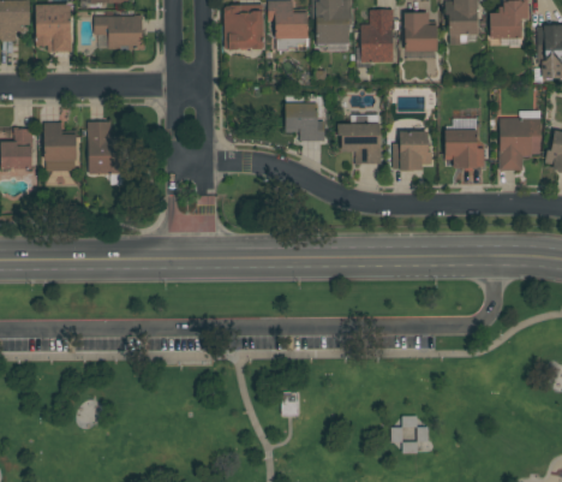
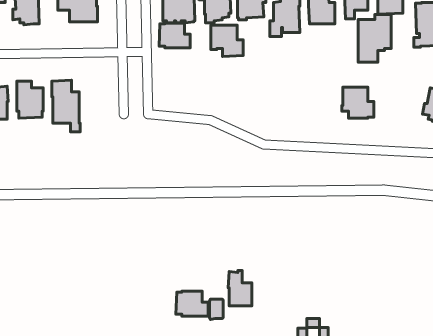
building: none -> [159,23,190,48]
building: [286,102,325,141] -> [211,25,243,56]
building: [500,111,540,169] -> [358,15,391,62]
building: [339,123,382,165] -> none
building: [393,131,432,169] -> none
building: none -> [228,271,252,306]
building: none -> [176,291,208,316]

